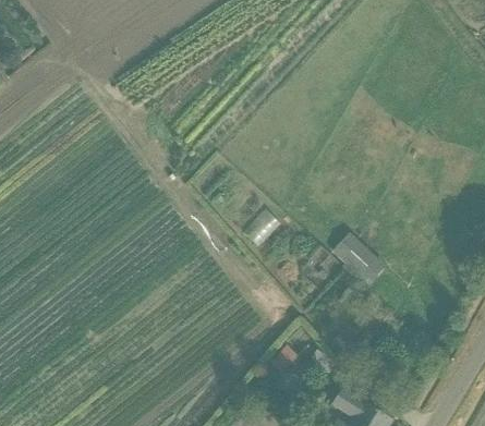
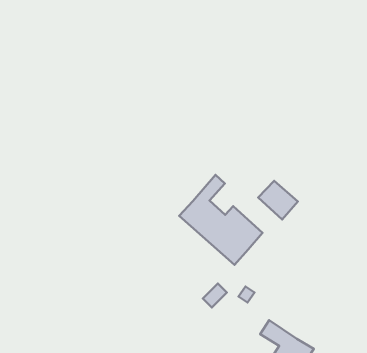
building: none -> [179,175,263,265]

